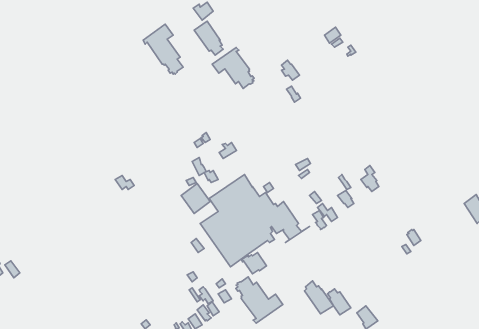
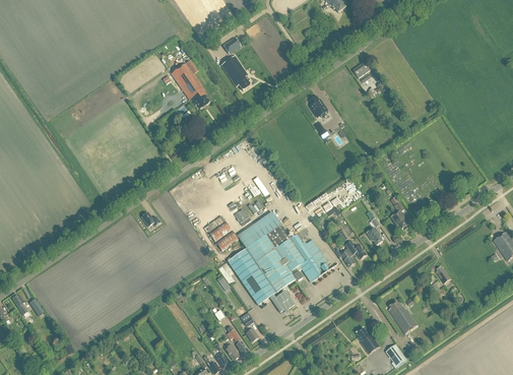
building: [212,48,254,88] -> none
building: [236,277,283,323] -> none
building: [305,281,334,314] -> [388,299,418,332]

